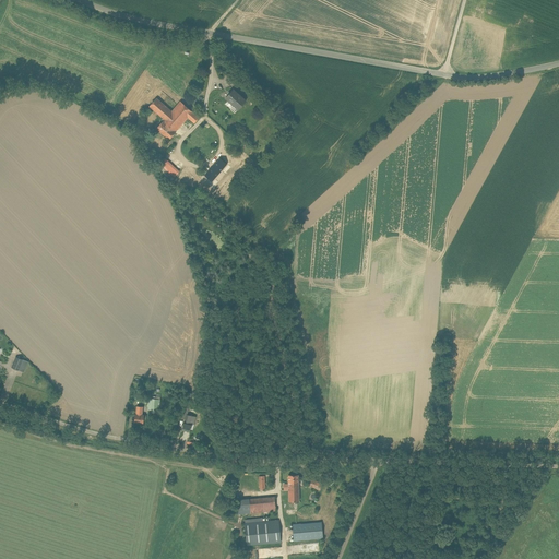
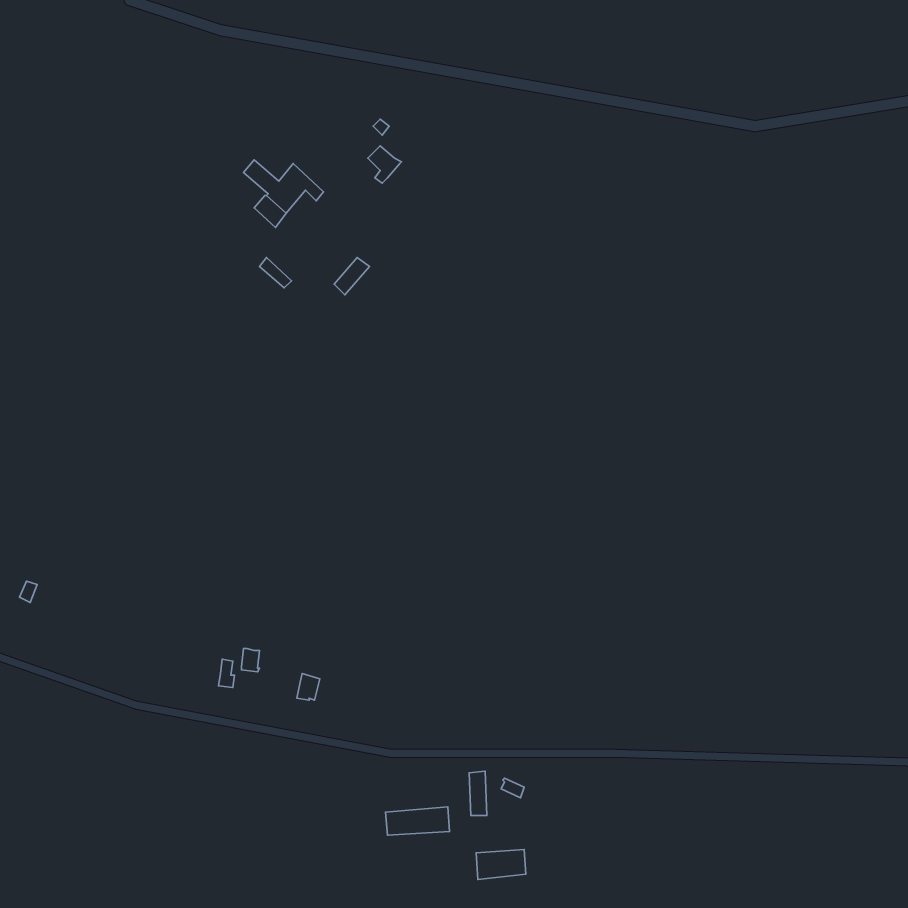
building: [245,518,281,546] -> none

